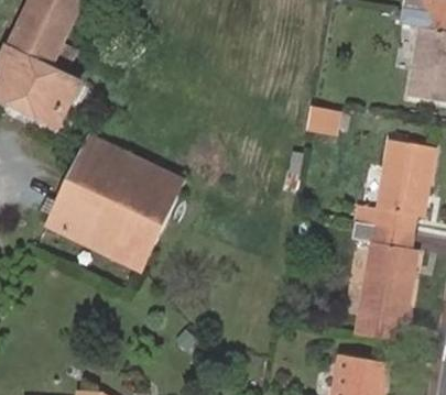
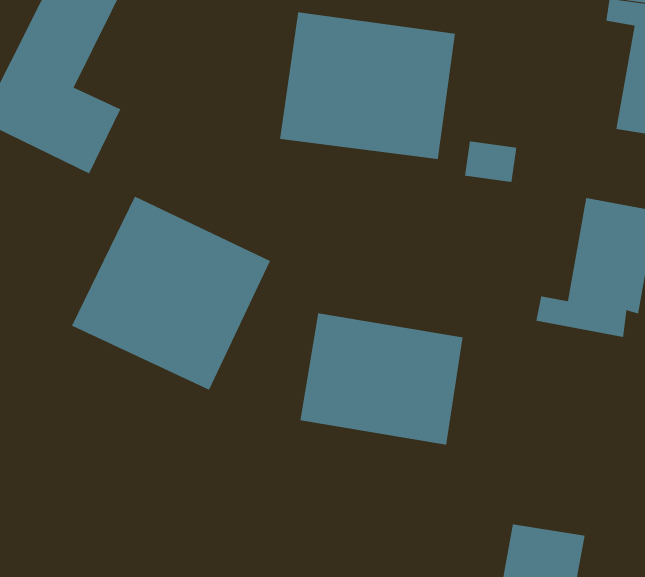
building: none -> [280,11,455,160]
building: none -> [300,313,463,446]
building: [353,221,418,340] -> none

